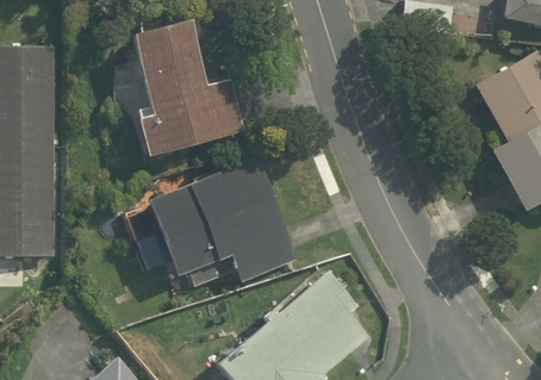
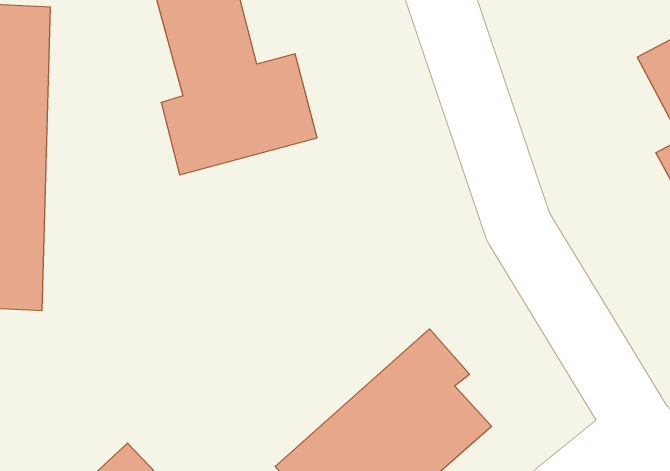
building: [138,162,296,284] -> none

